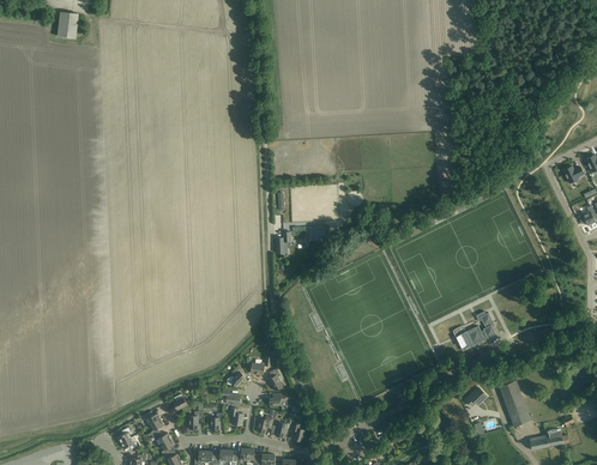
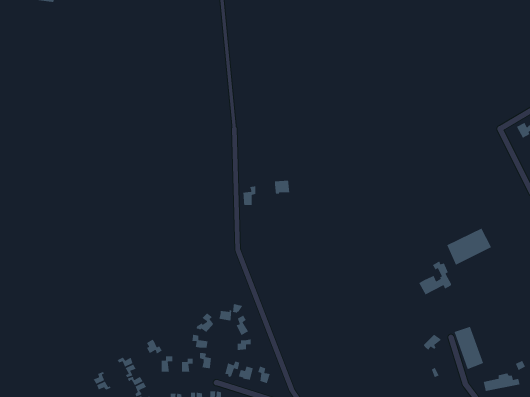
building: none -> [446,228,492,266]

